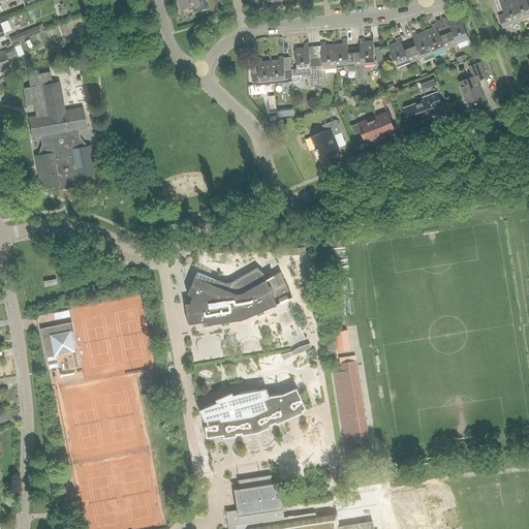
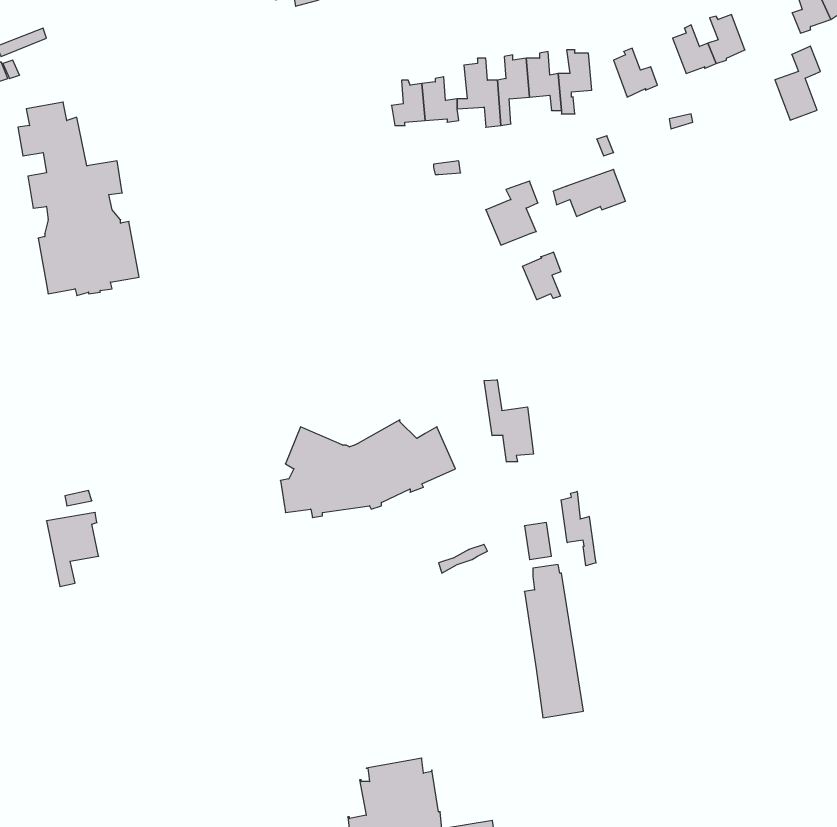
building: [411,31,433,60] -> none
building: [459,61,487,106] -> [775,46,820,120]
building: [404,92,442,125] -> none
building: none -> [523,252,561,300]
building: none -> [484,380,533,462]
building: none -> [561,491,596,566]
building: [201,386,306,436] -> none

